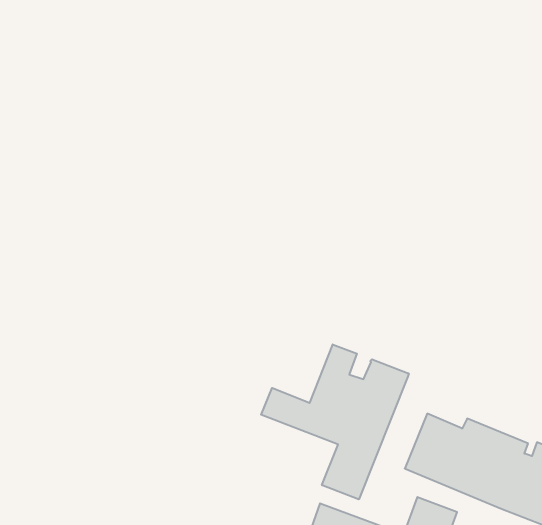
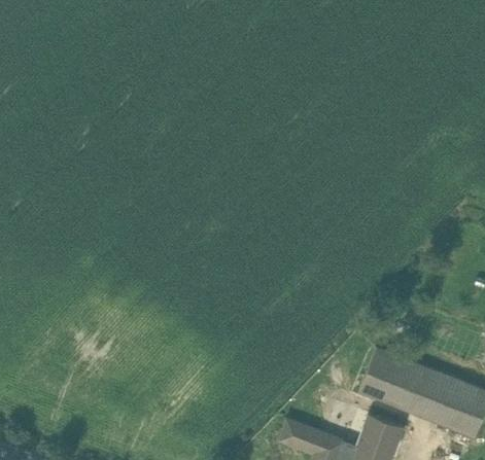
building: [261,344,409,499] -> none

